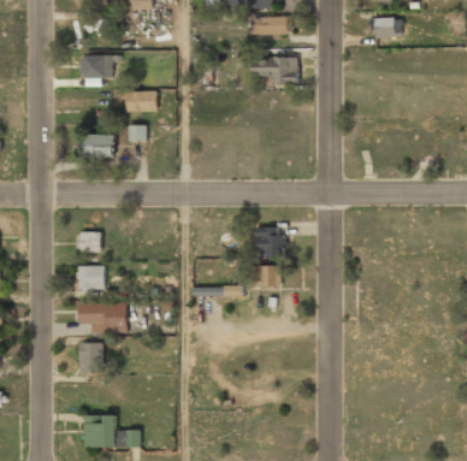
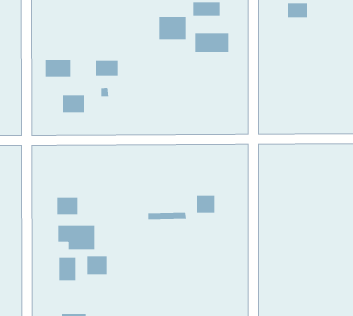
building: none -> [159,16,186,40]
building: [79,55,113,78] -> [45,59,71,77]
building: [255,226,283,255] -> none
building: [77,230,102,252] -> none
building: none -> [87,256,107,275]

